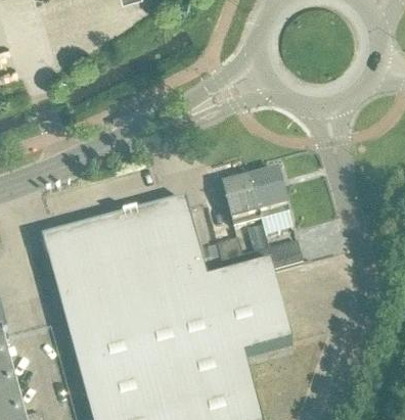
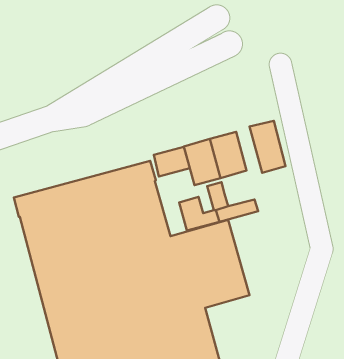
building: none -> [250,121,286,173]
building: none -> [154,147,190,176]

